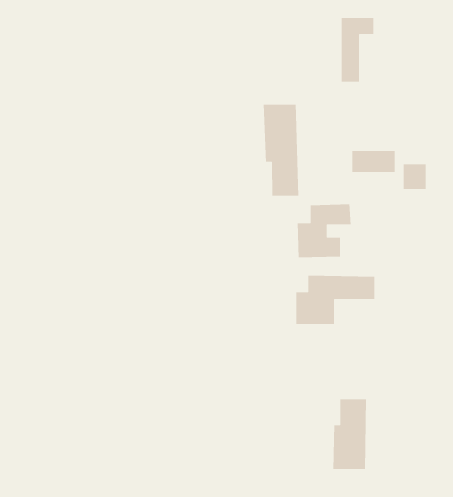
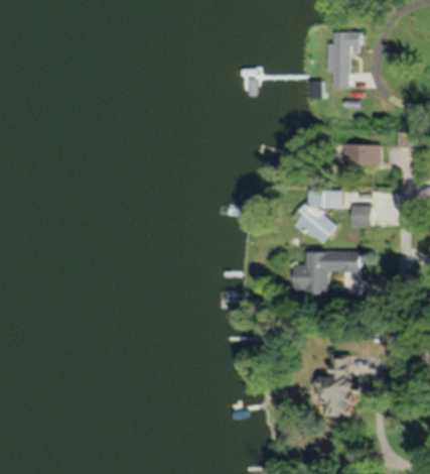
building: [263,104,299,196] -> none
building: [403,164,427,190] -> [352,206,373,228]

